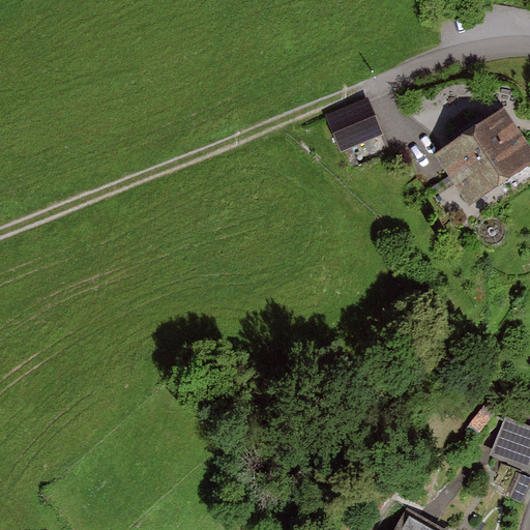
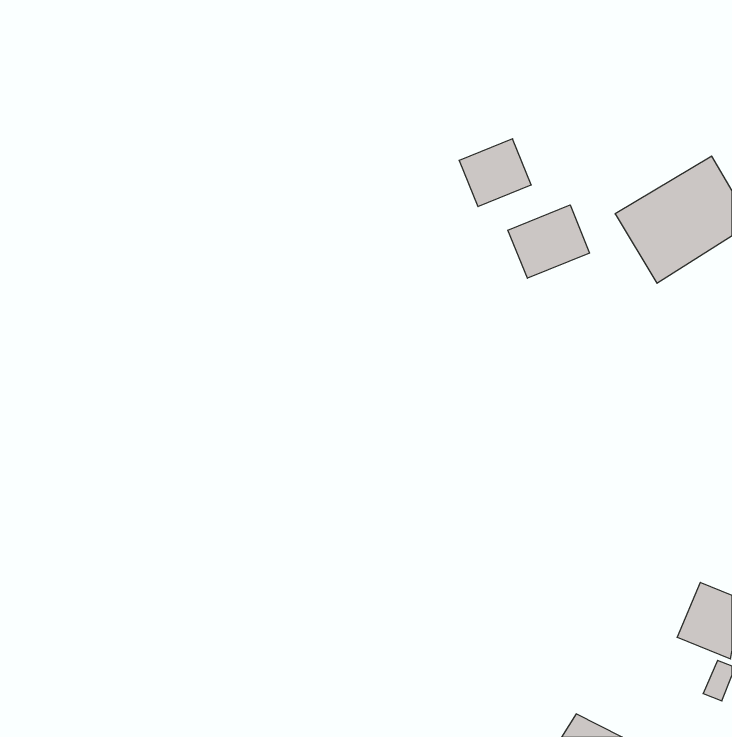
building: none -> [508,205,590,278]

